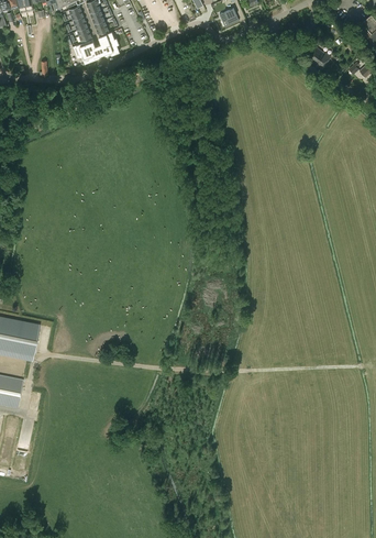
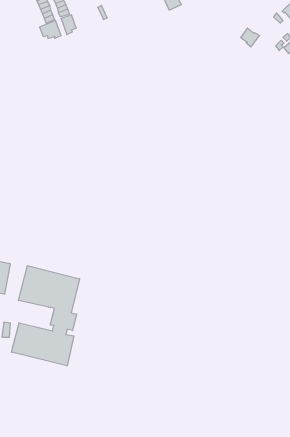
building: none -> [11,266,80,366]

